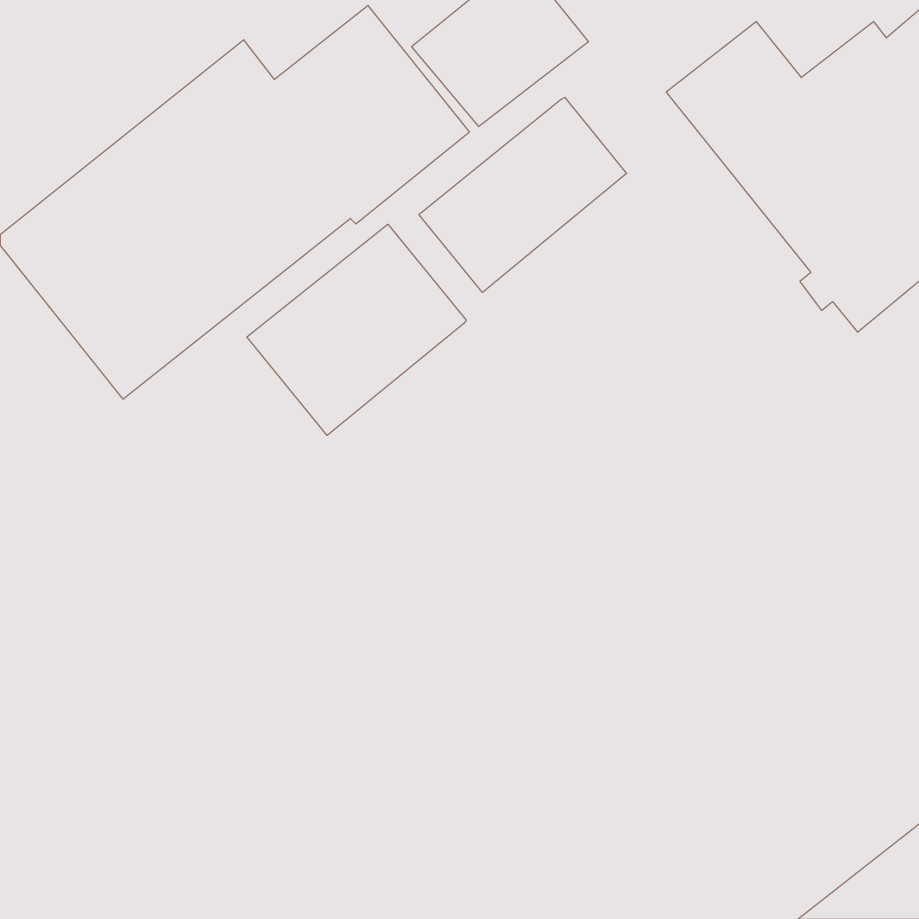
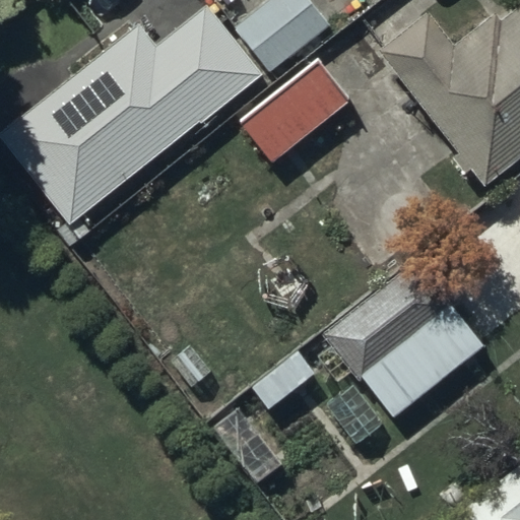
building: [247,224,466,435] -> none
building: none -> [324,258,485,418]

